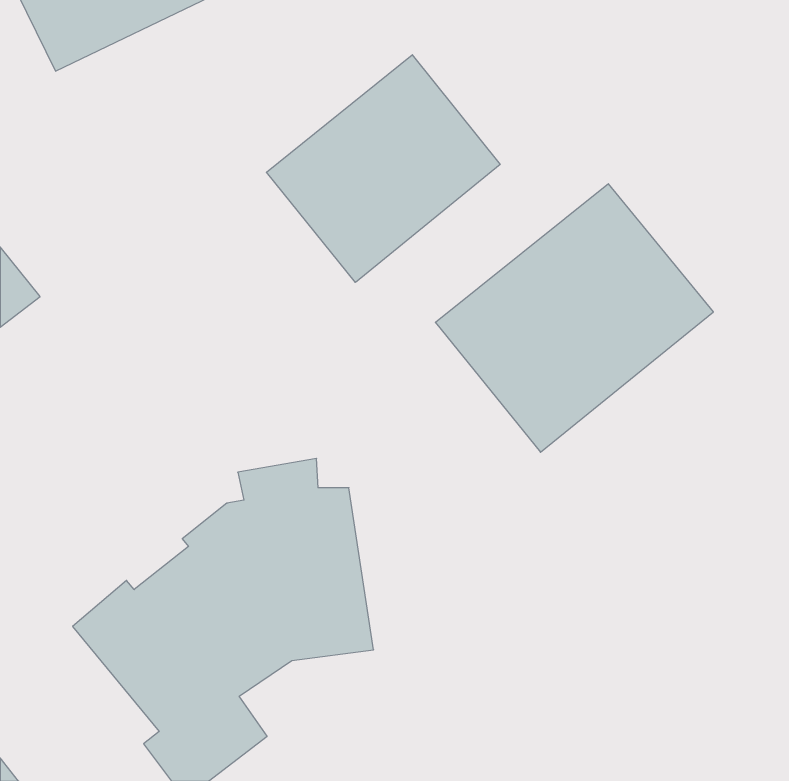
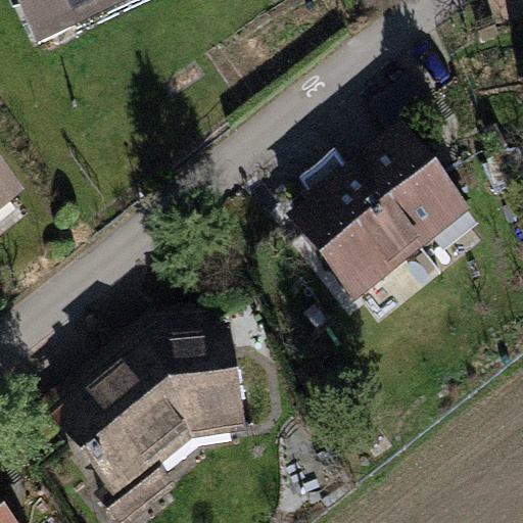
building: [266,55,500,282] -> none

